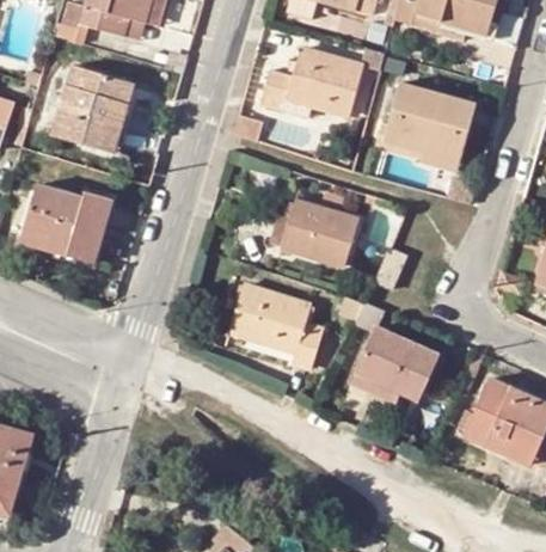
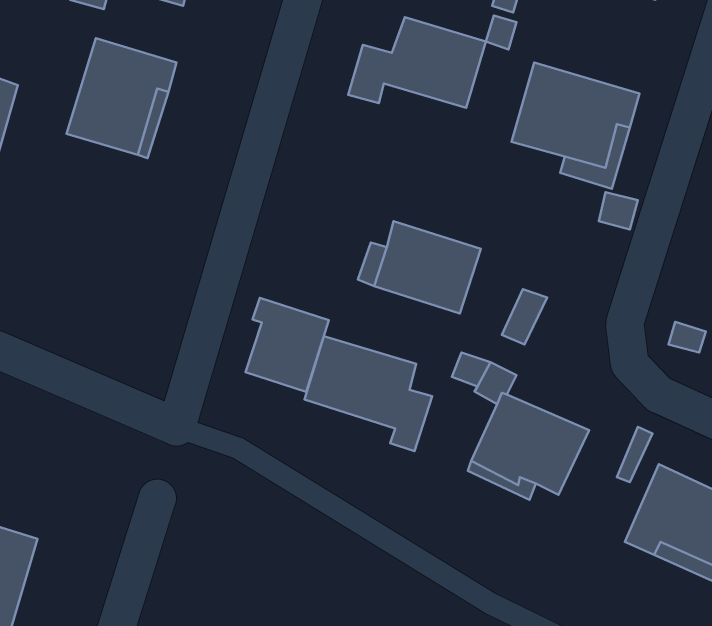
building: [18,185,111,264] -> none
building: none -> [246,298,329,392]

